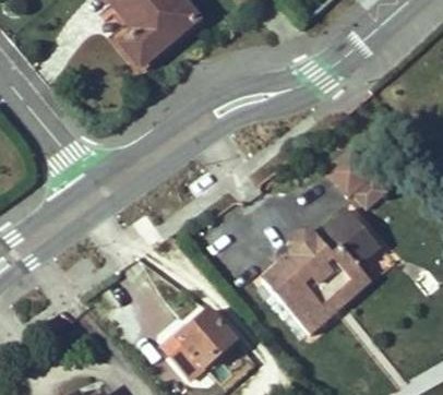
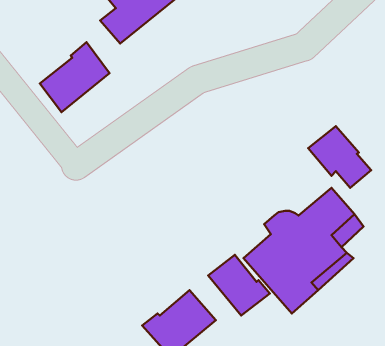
building: none -> [40,42,110,112]
building: none -> [208,255,270,315]

